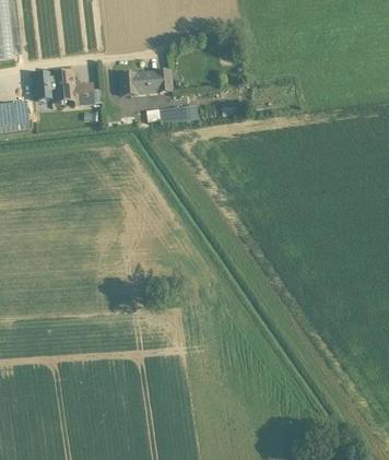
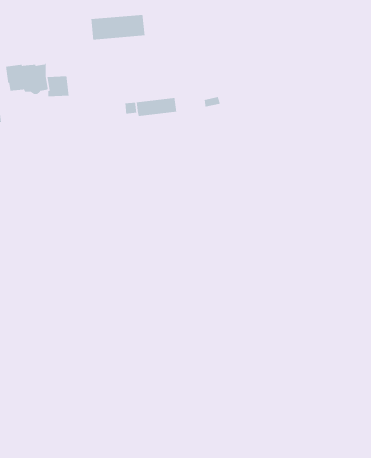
building: [115,69,167,94] -> [90,14,145,40]

